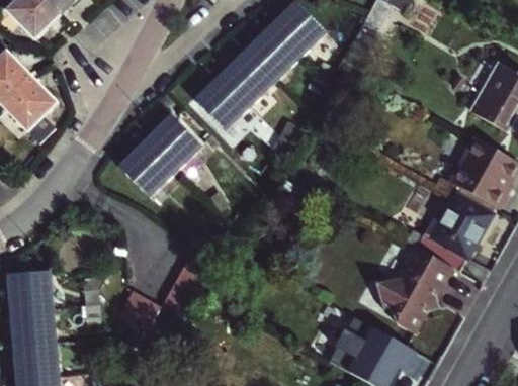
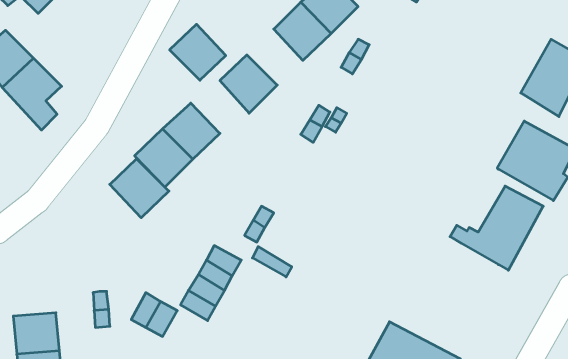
building: [223,53,273,103] -> [170,24,226,80]
building: none -> [110,159,169,218]
building: [374,246,449,330] -> none
building: [9,274,51,311] -> none

